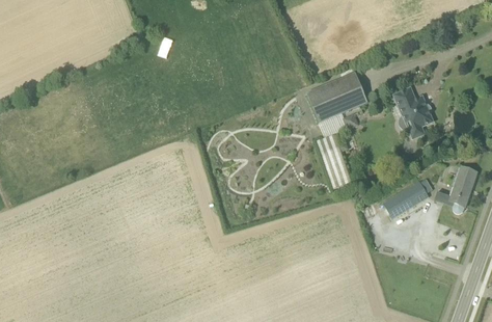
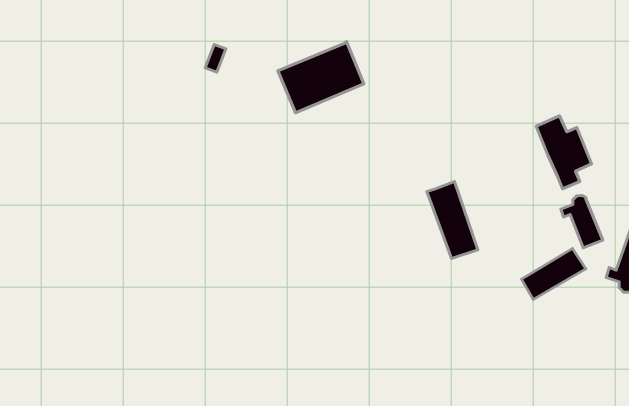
building: [306,71,367,122] -> [278,42,364,113]
building: none -> [561,196,603,248]

